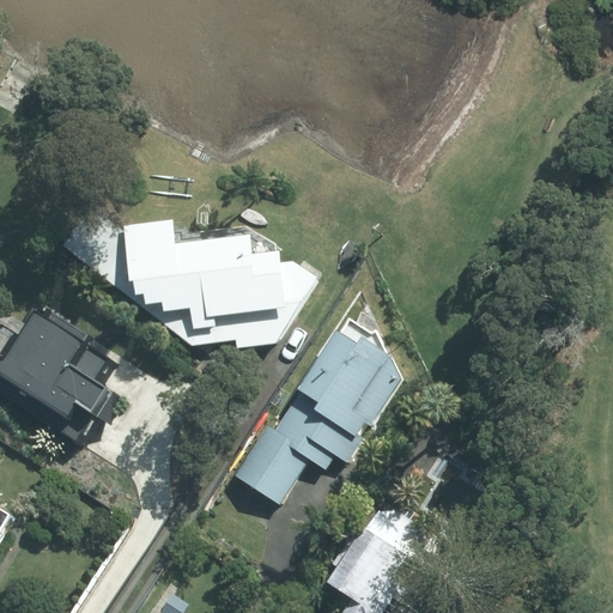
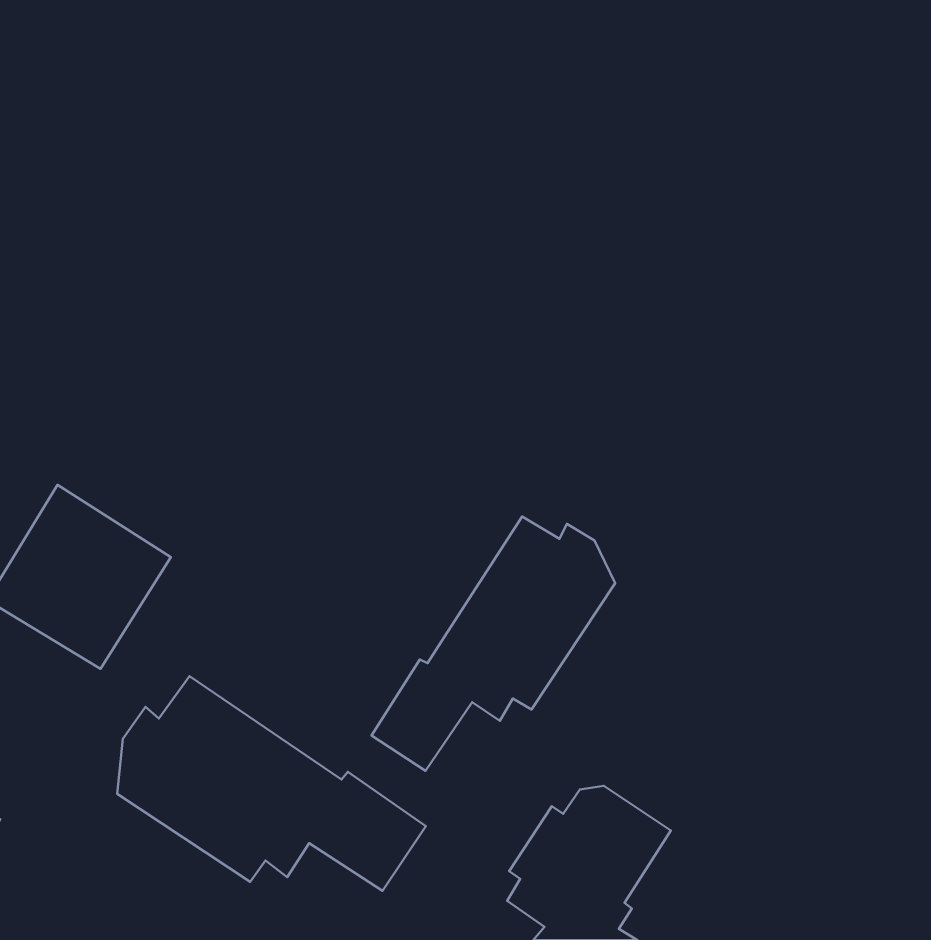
building: [127,220,286,338] -> none
building: none -> [117,676,426,891]

